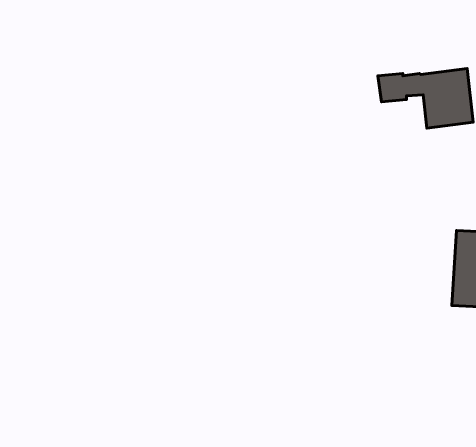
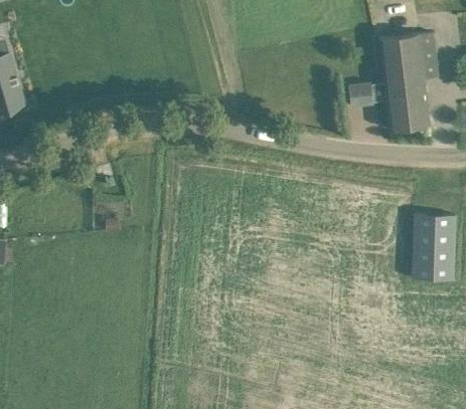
building: none -> [380,33,426,84]

